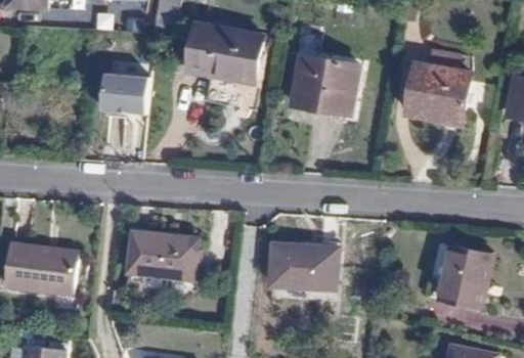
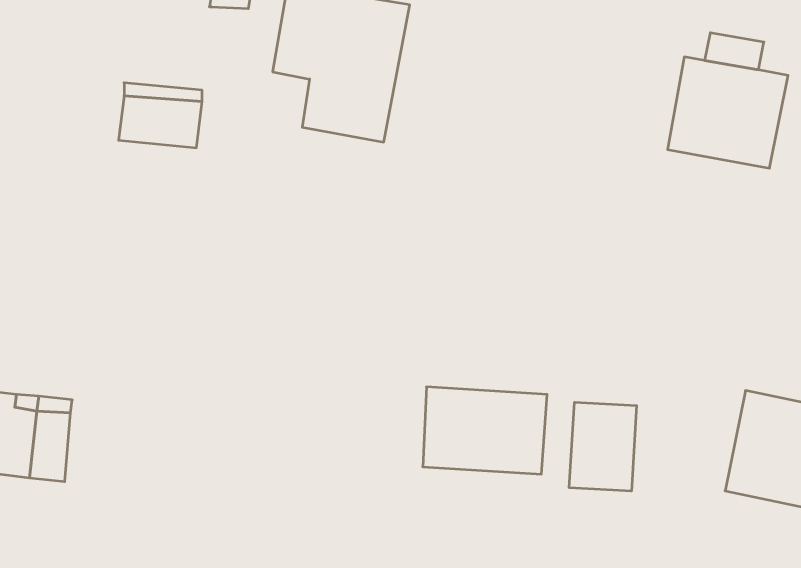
building: [290,53,359,115] -> none
building: [127,231,198,281] -> none
building: none -> [569,402,637,491]

